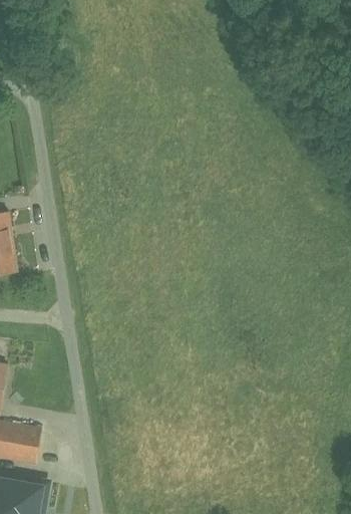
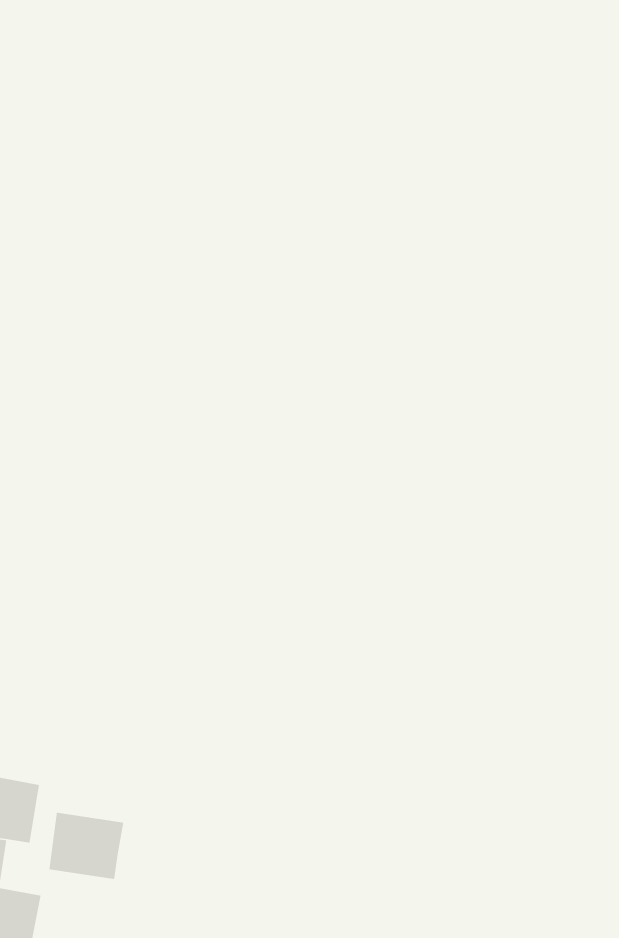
building: none -> [49,812,124,880]

